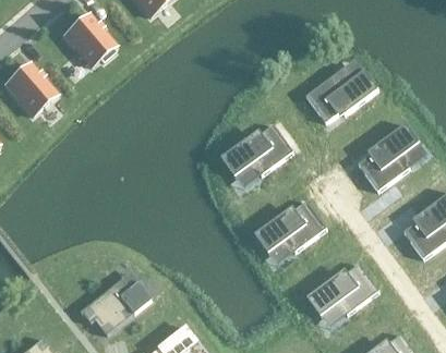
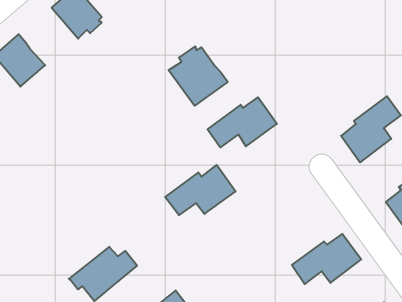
building: [305,73,377,124] -> none
building: none -> [169,46,228,106]
building: [254,203,326,254] -> [165,165,236,215]

